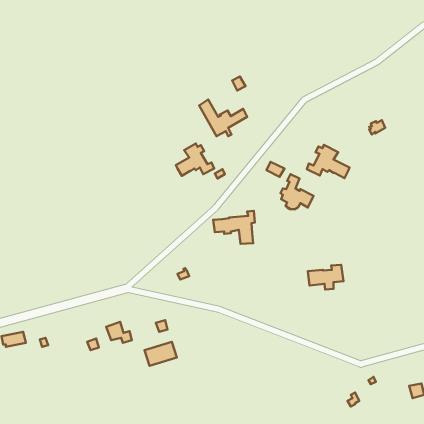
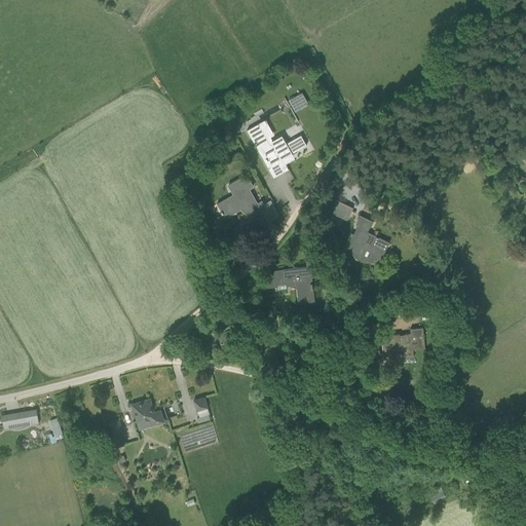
building: [307,145,350,178] -> none

